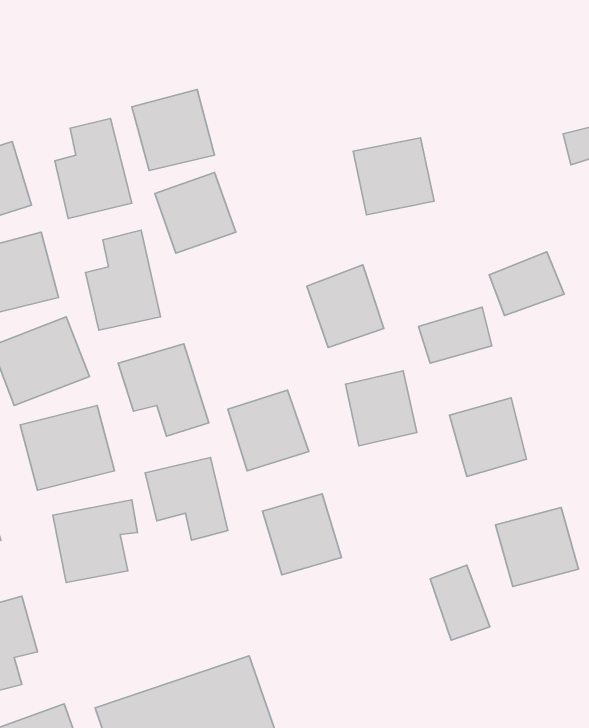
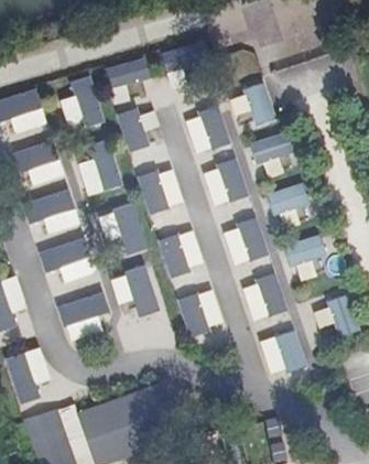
building: none -> [184,105,229,153]
building: [489,252,564,315] -> [249,130,292,166]
building: none -> [137,168,183,212]
building: none -> [241,274,284,314]

